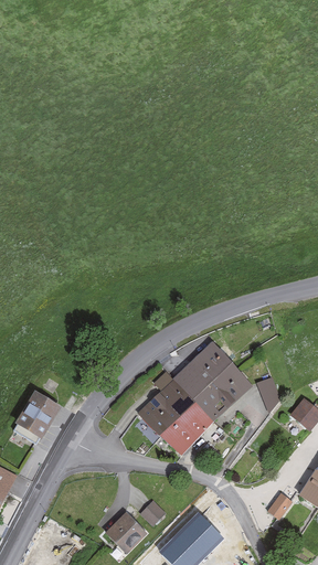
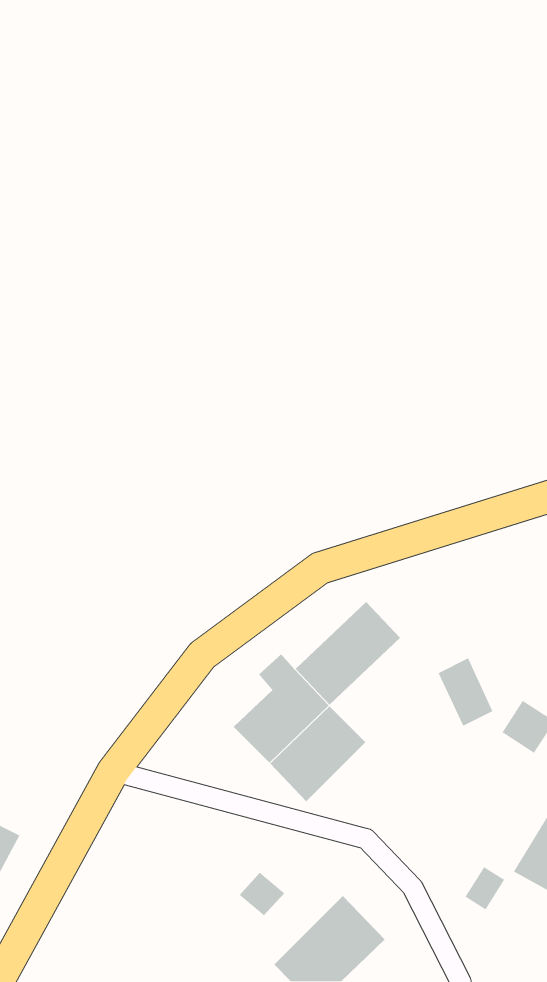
building: [192,364,254,424] -> none
building: [13,395,57,441] -> none
building: [104,509,148,554] -> none

